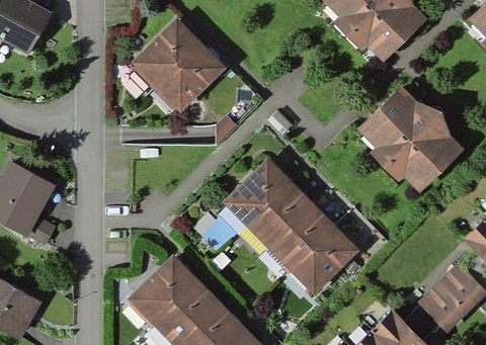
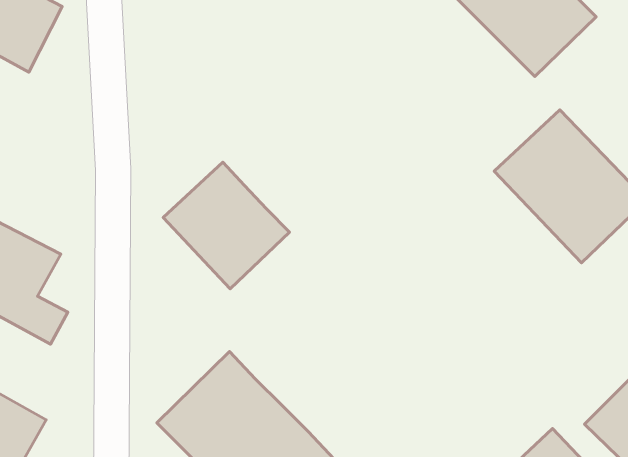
building: [129,24,217,112] -> [163,162,290,289]
building: [221,157,356,295] -> none

